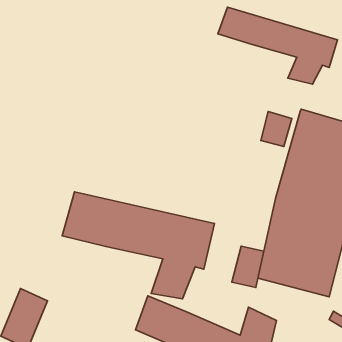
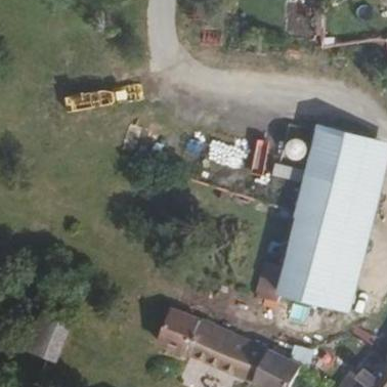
building: [218,7,338,84] -> none
building: [62,192,214,299] -> none

